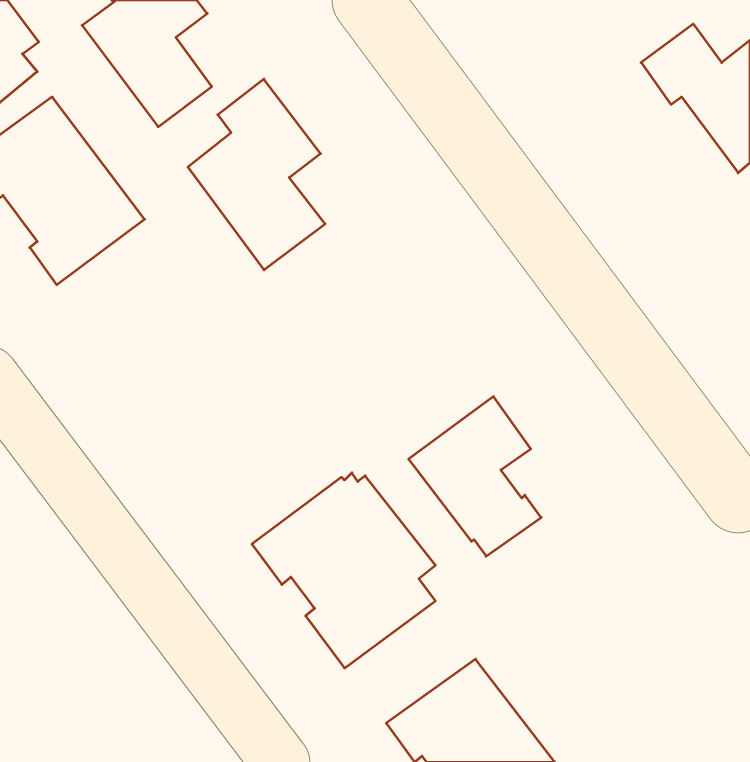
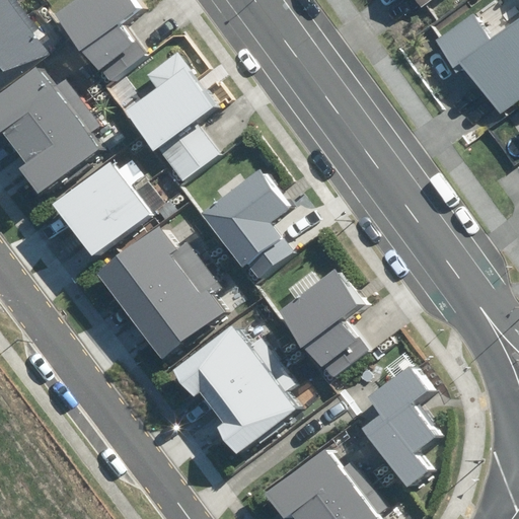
building: none -> [55,162,150,255]
building: none -> [203,170,295,280]
building: none -> [96,220,225,363]
building: none -> [362,367,437,487]

